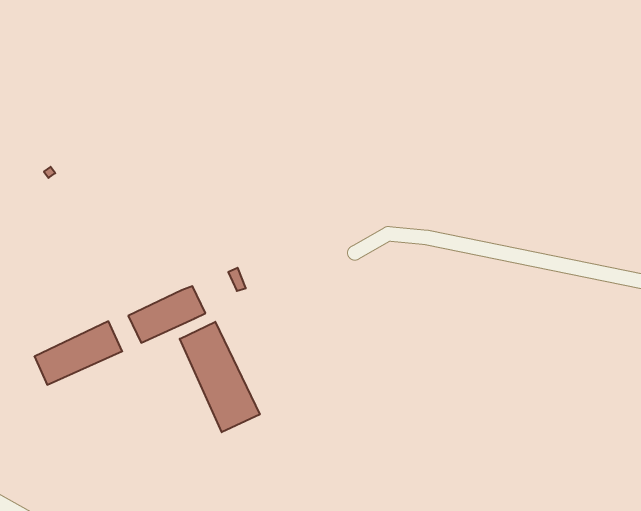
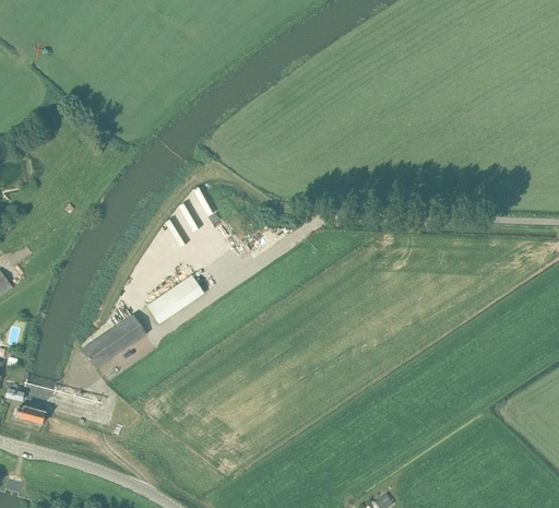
building: [180,322,260,432] -> none

